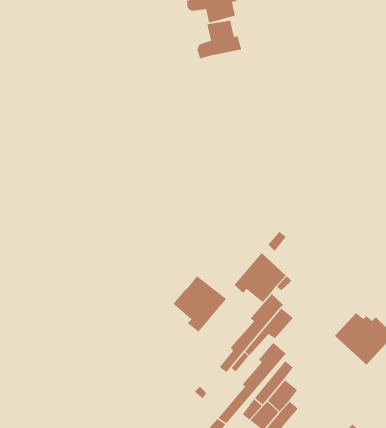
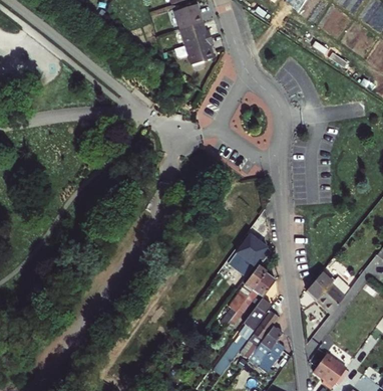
building: [197,20,242,59] -> none
building: [173,275,227,333] -> none

